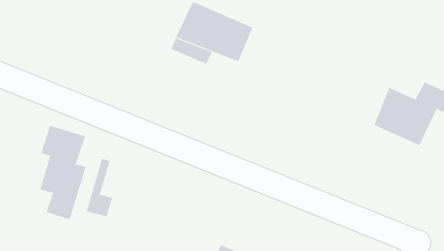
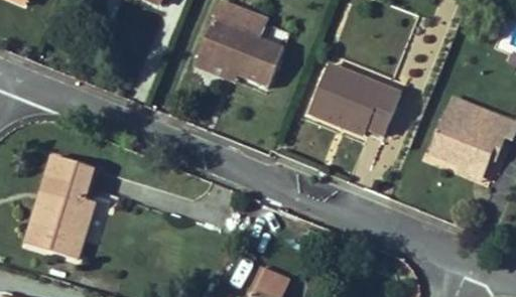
building: none -> [303,60,398,127]
building: [86,158,113,217] -> [30,175,60,241]

